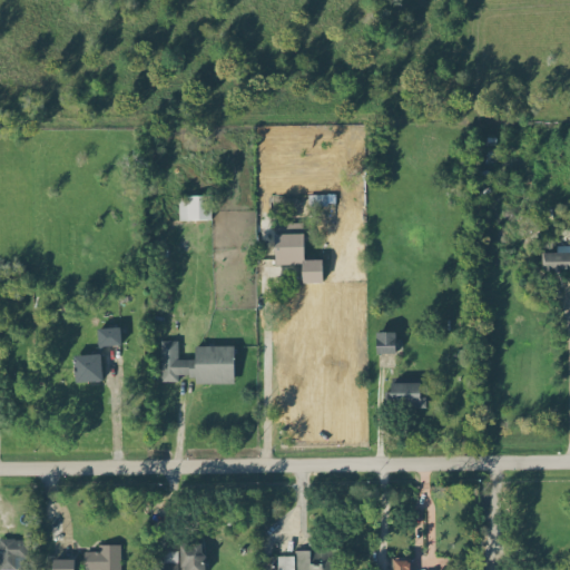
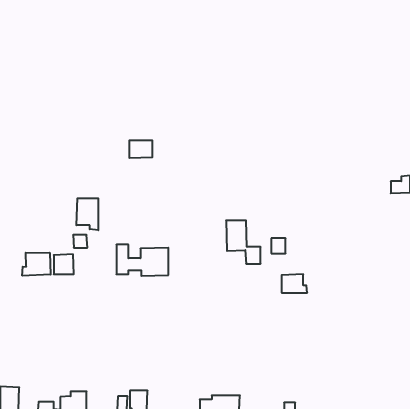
building: [275,223,323,283] -> [226,220,261,264]
building: none -> [76,198,98,230]
building: none -> [22,253,51,276]

